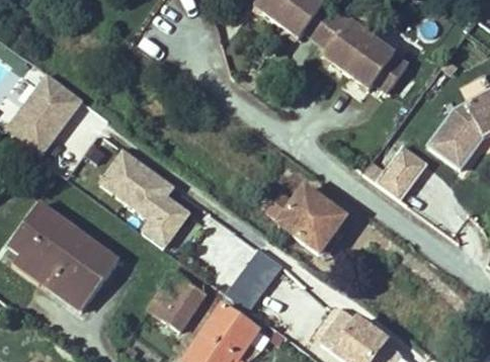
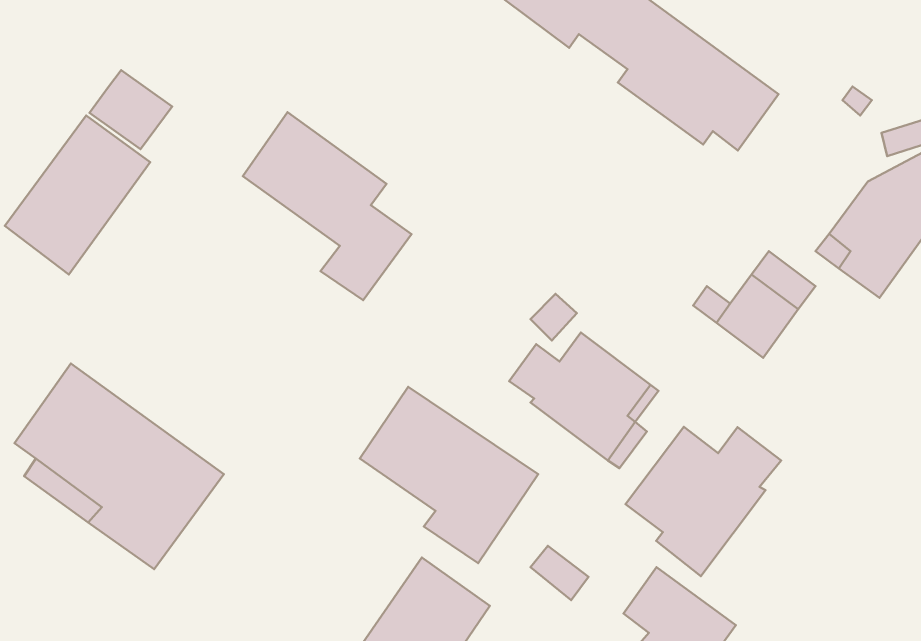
building: none -> [90,70,172,149]
building: [101,149,189,247] -> [243,112,412,300]
building: none -> [626,427,781,576]
building: [149,274,206,331] -> none

